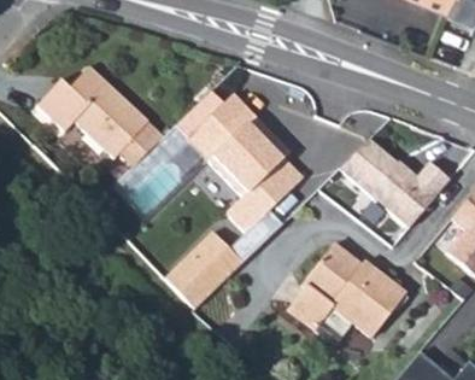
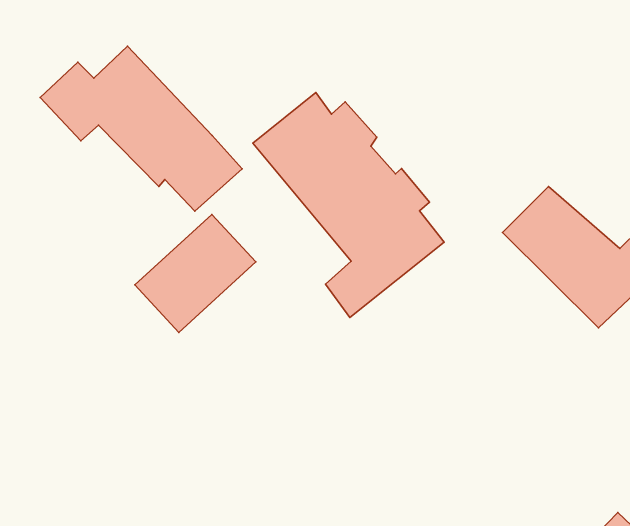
building: [166,229,244,306] -> [135,214,256,332]
building: [291,240,406,337] -> none

